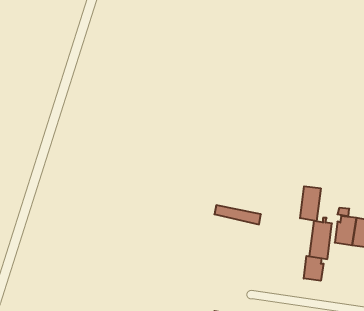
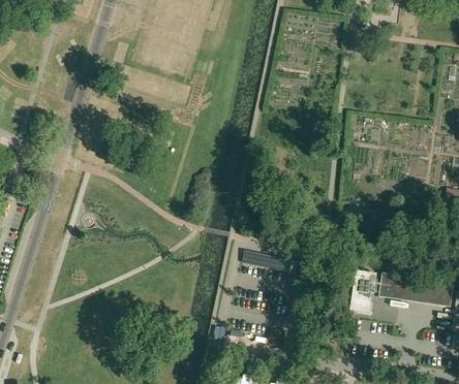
building: [300,186,321,221] -> none
building: [304,256,324,281] -> none

